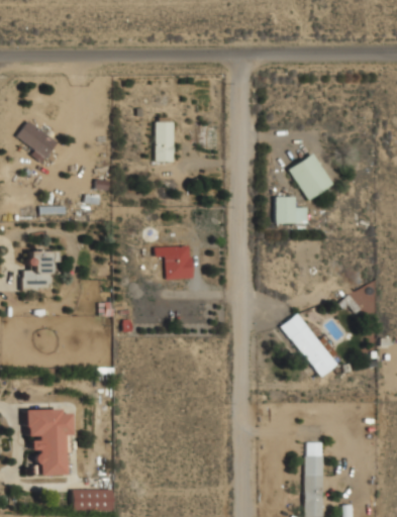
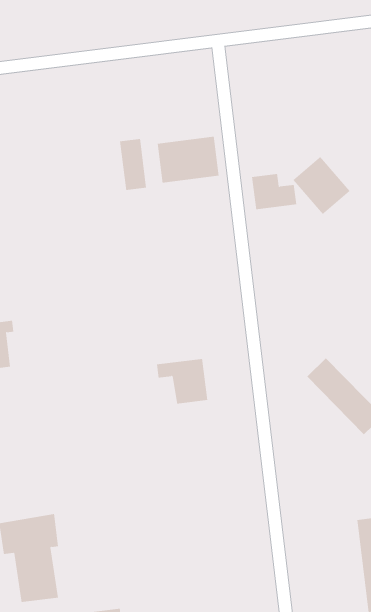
building: none -> [157,136,219,183]
building: [275,197,308,223] -> [251,174,297,210]
building: [155,246,192,280] -> [156,358,208,404]

